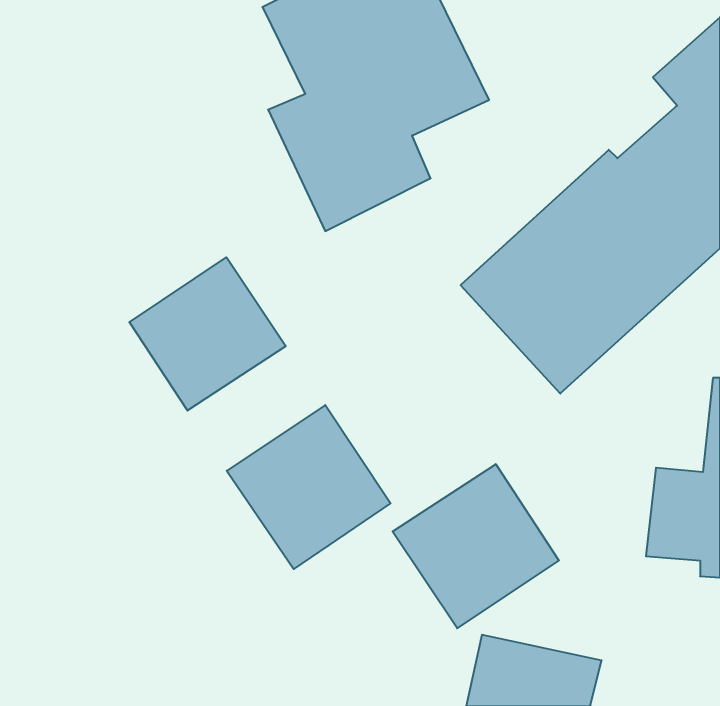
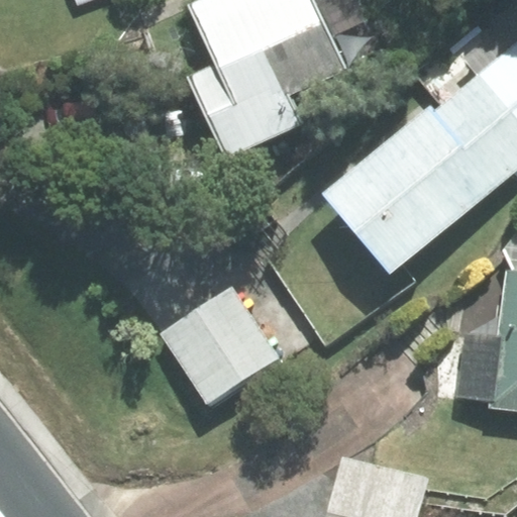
building: [129,257,286,411] -> none
building: [393,464,559,628] -> none

